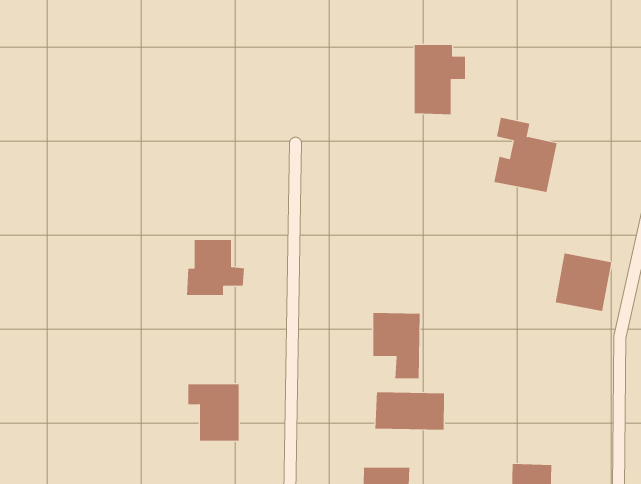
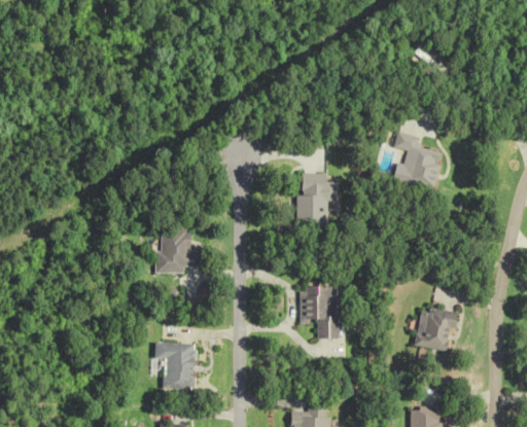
building: [414,44,466,115] -> [300,173,341,228]
building: [555,253,612,312] -> [413,306,458,352]
building: [375,391,445,431] -> none

